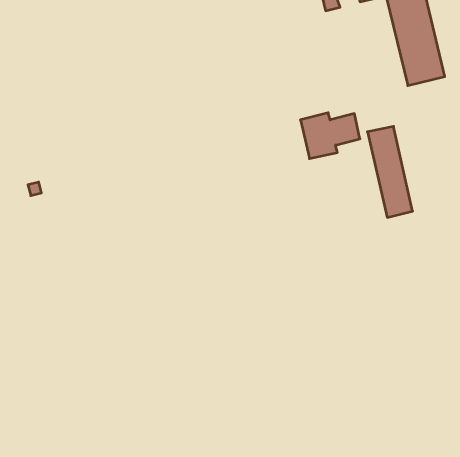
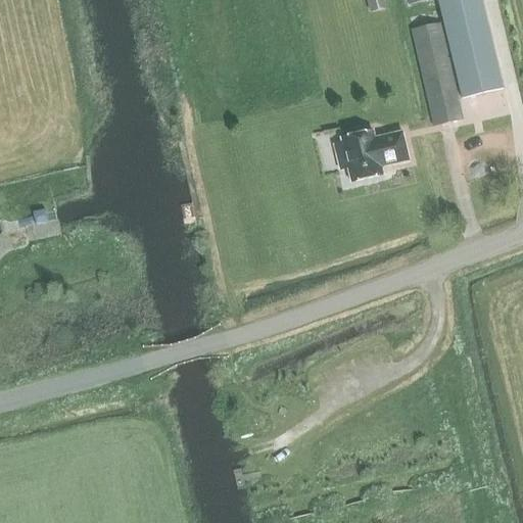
building: [367,126,413,217] -> [411,21,462,125]

